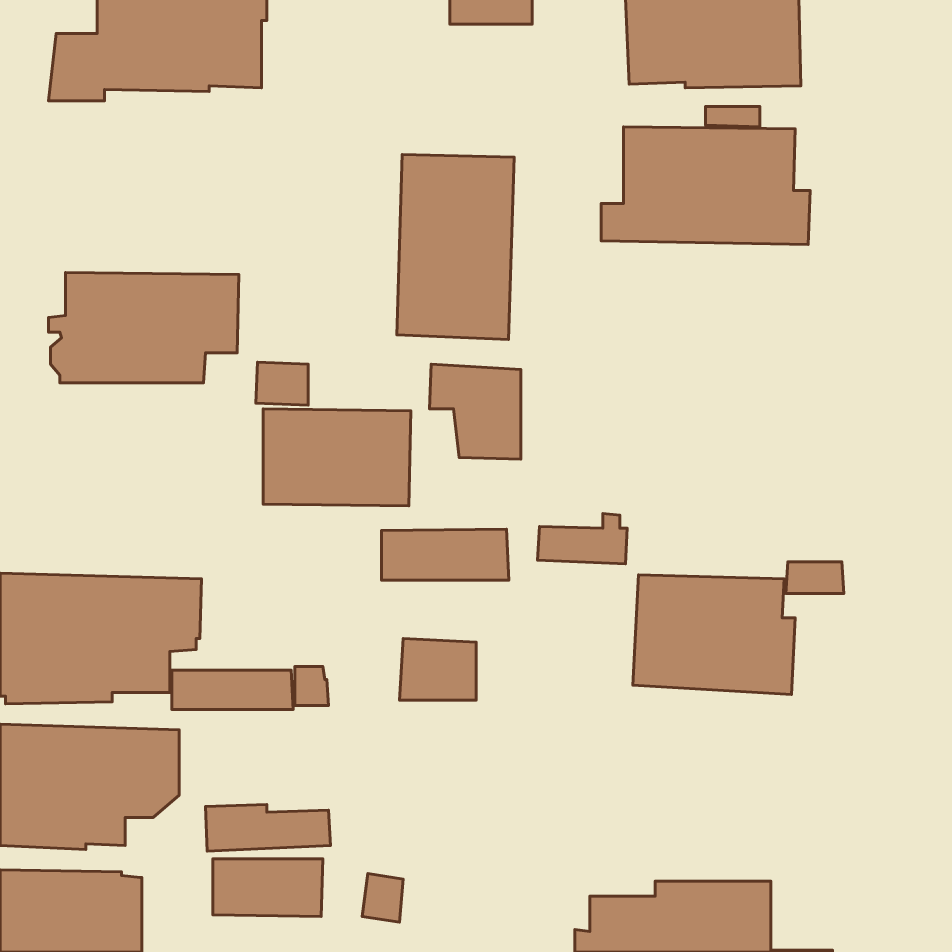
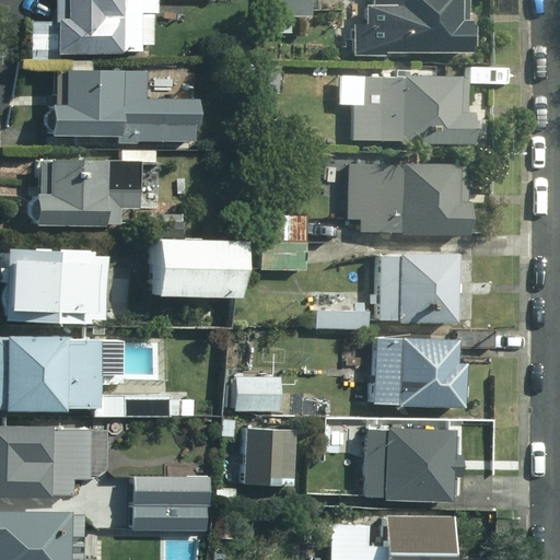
building: none -> [46,70,200,142]
building: [397,155,514,340] -> none
building: none -> [347,161,471,234]
building: none -> [5,247,107,323]
building: none -> [378,253,459,324]
building: [382,529,509,580] -> none
building: none -> [242,427,298,487]
building: none -> [363,427,462,503]

